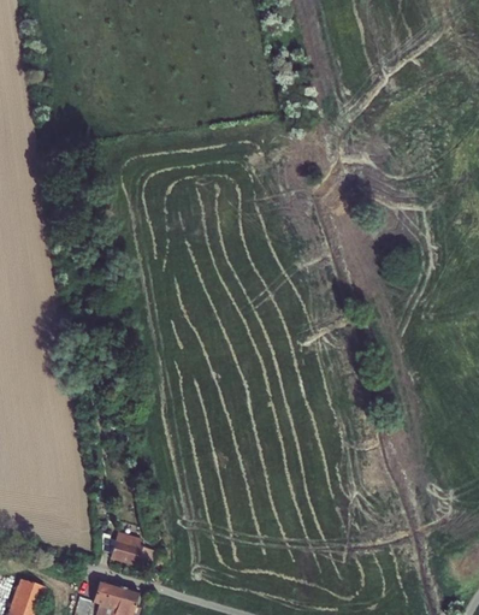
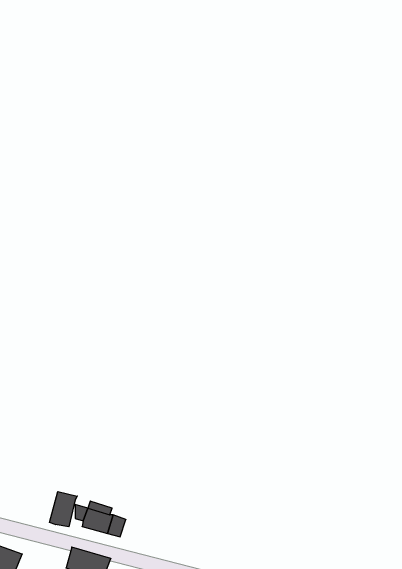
building: none -> [50,492,77,527]

